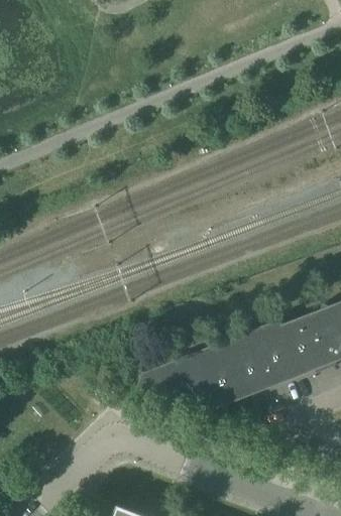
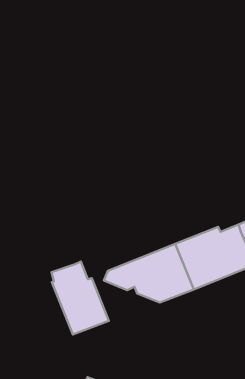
building: none -> [51,261,109,335]

